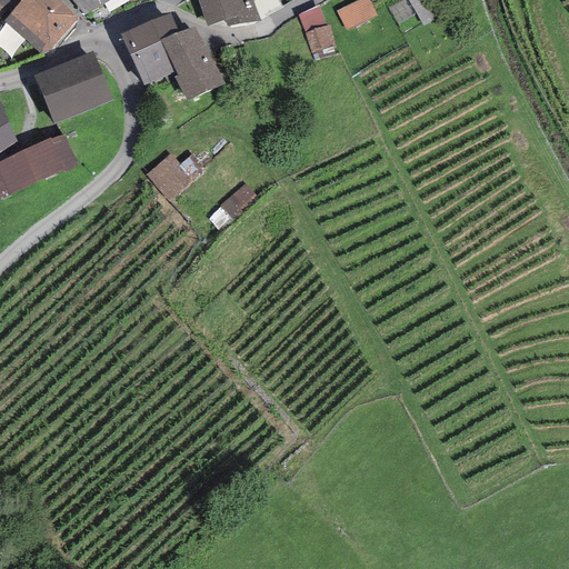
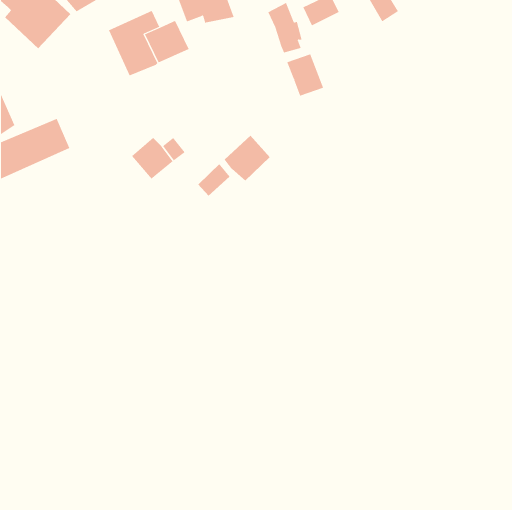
building: [33,49,113,122] -> none
building: [173,54,223,100] -> none
building: none -> [287,53,324,96]
building: none -> [224,135,271,182]

